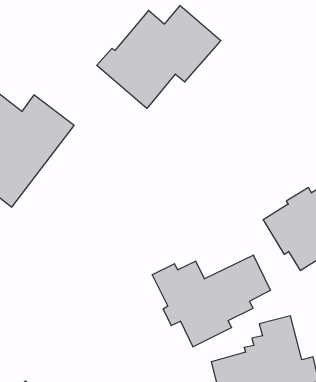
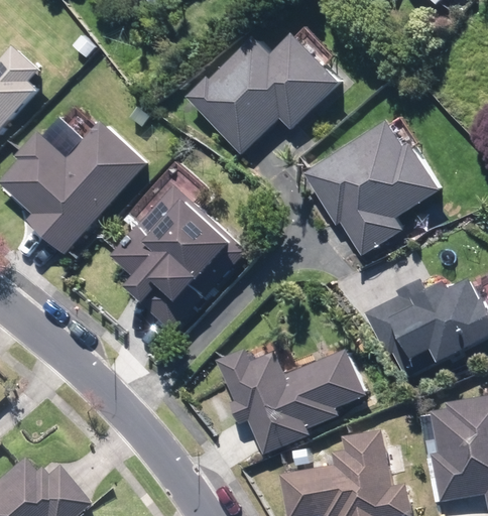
building: none -> [304,122,438,253]
building: none -> [112,185,248,329]

